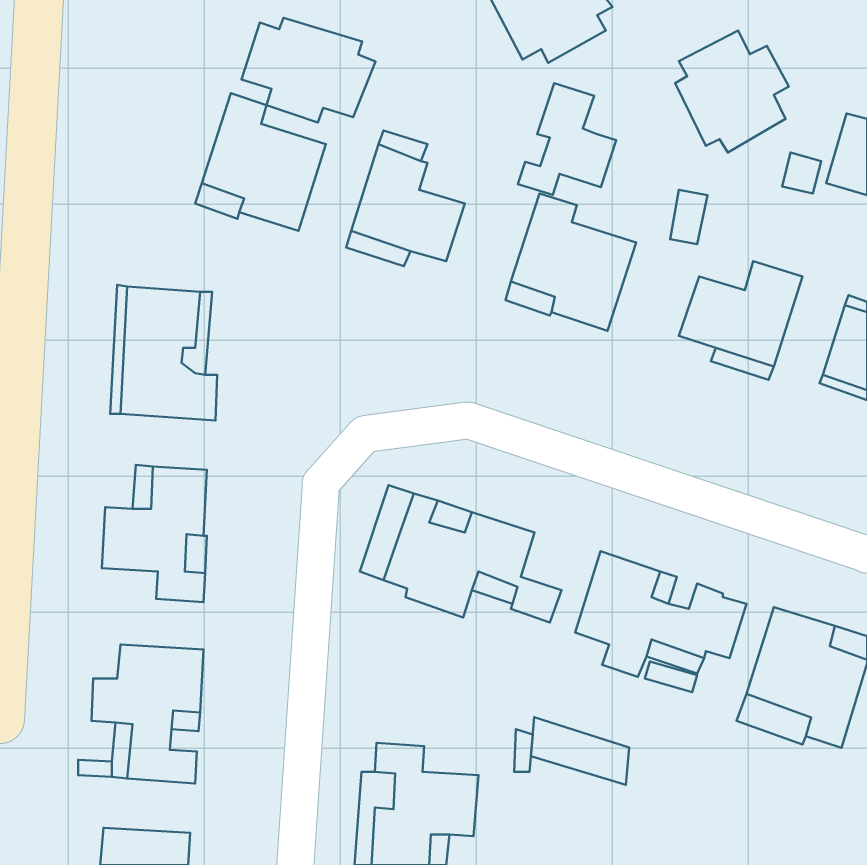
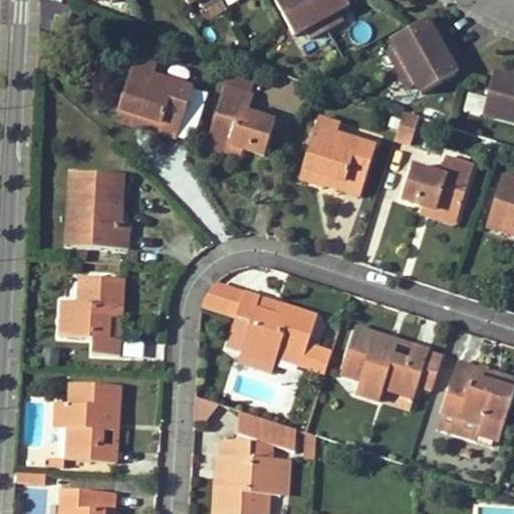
building: [242,18,376,123] -> none
building: [518,83,616,195] -> none
building: [531,717,629,785] -> [237,411,295,451]

